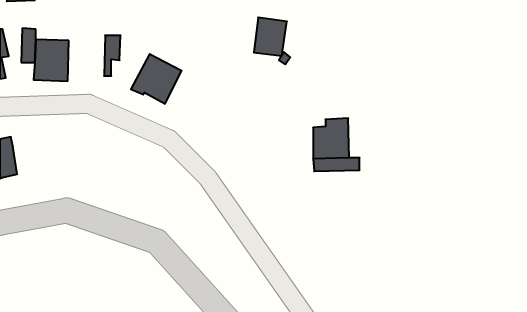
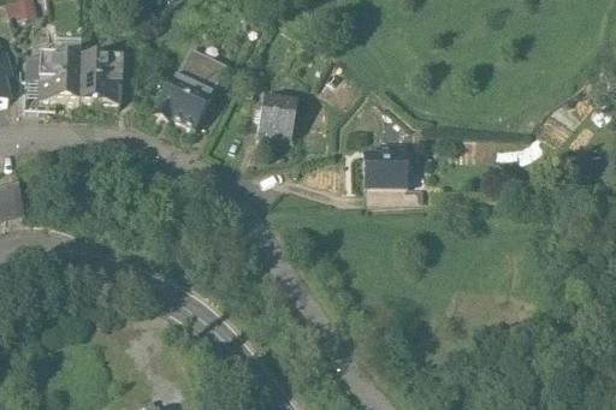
building: [254,17,287,56] -> [256,94,295,138]
building: none -> [174,44,225,91]
building: none -> [79,57,120,105]

